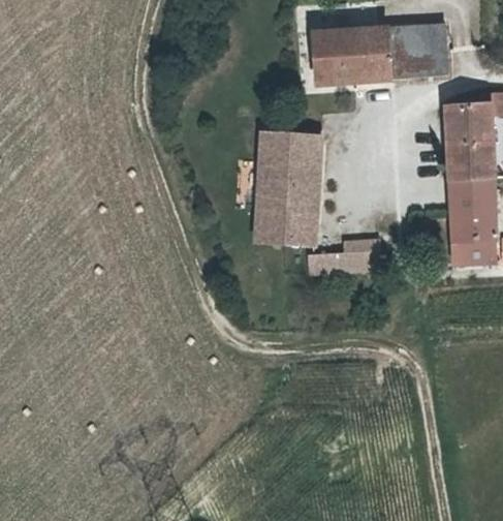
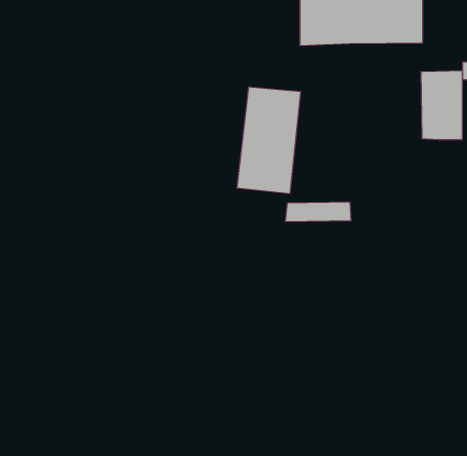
building: [450,180,492,267] -> none

